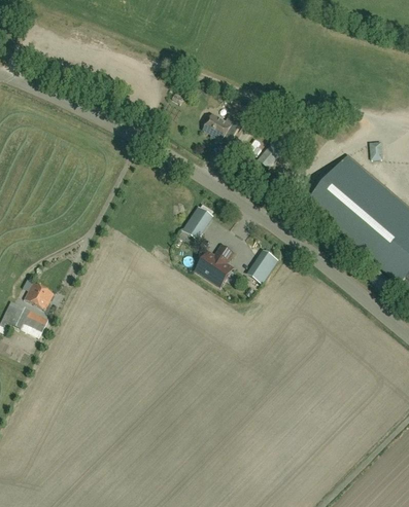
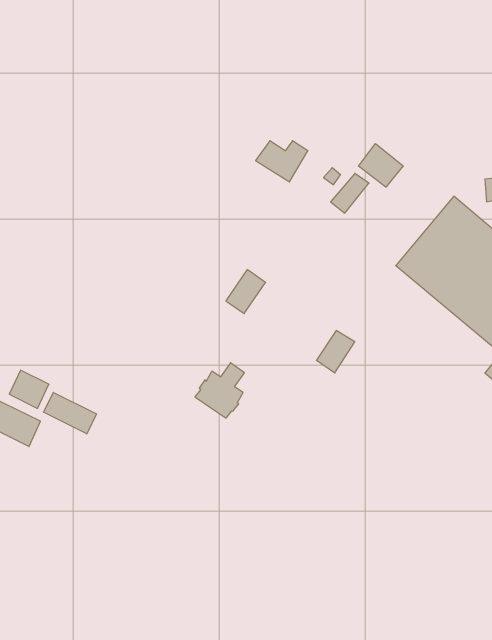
building: none -> [358,144,403,187]
building: [196,245,232,285] -> [195,363,244,418]
building: none -> [44,392,96,434]

